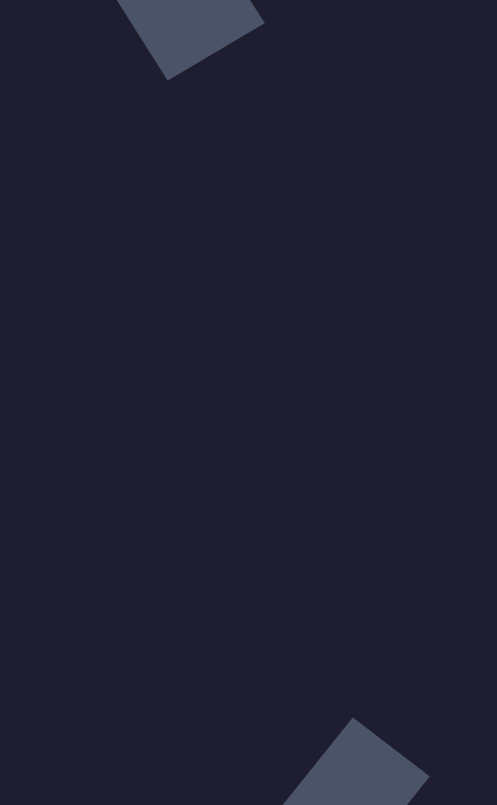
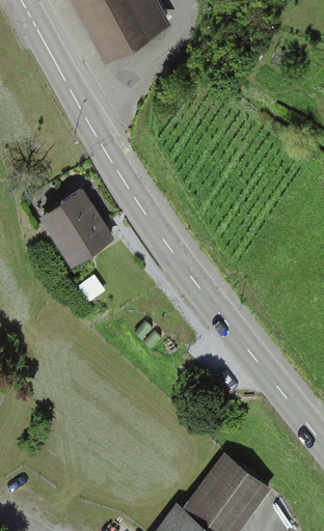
building: none -> [40,189,113,263]

